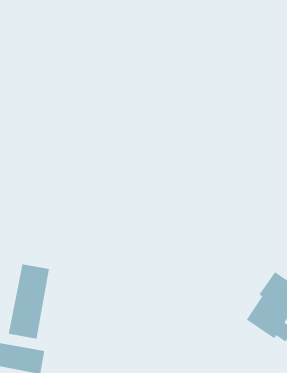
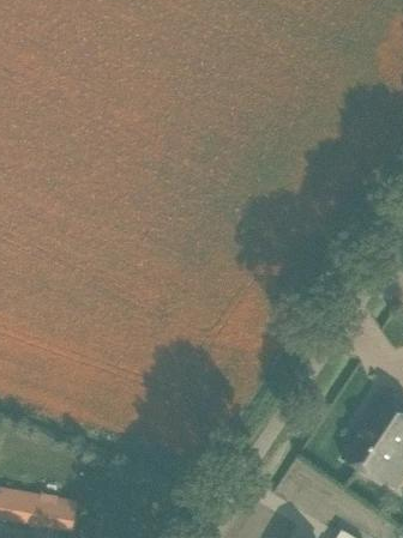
building: [8,264,50,340] -> none

